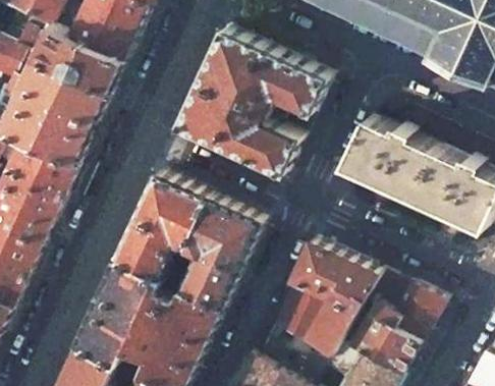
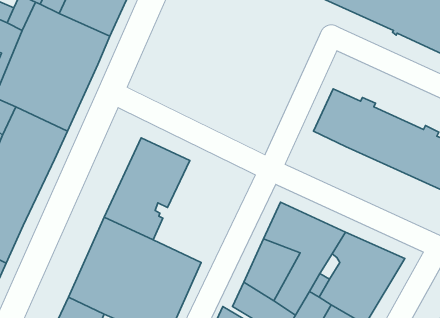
building: [176,29,327,176] -> none
building: [168,198,260,308] -> none

